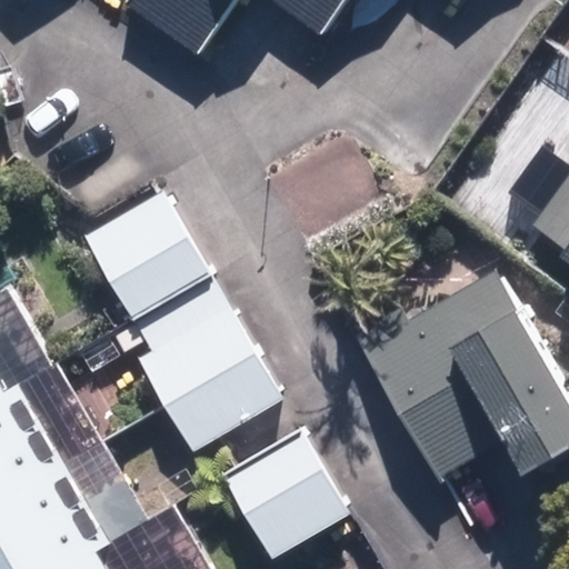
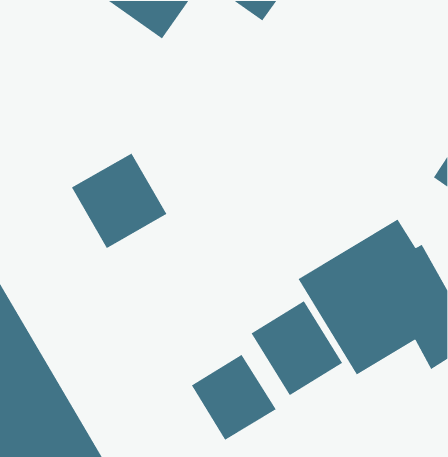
building: [144,291,280,440] -> none
building: none -> [250,300,343,396]

